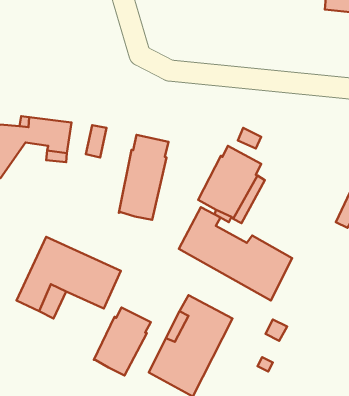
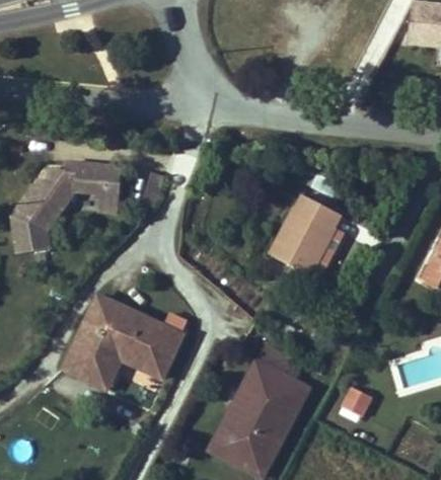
building: [119,135,169,220] -> none
building: [179,207,292,300] -> none
building: [94,308,151,375] -> none

